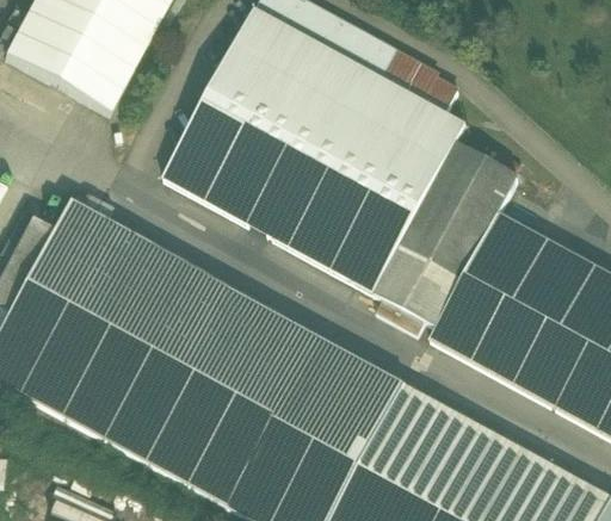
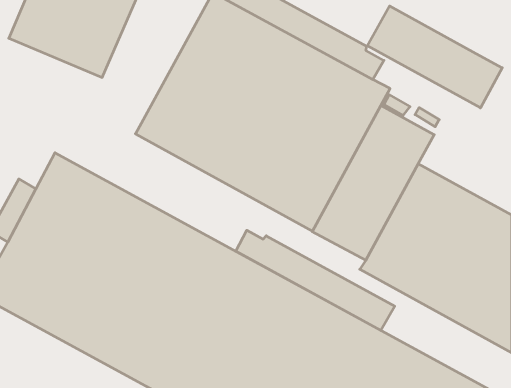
building: none -> [367,6,502,108]
building: none -> [236,230,395,331]

